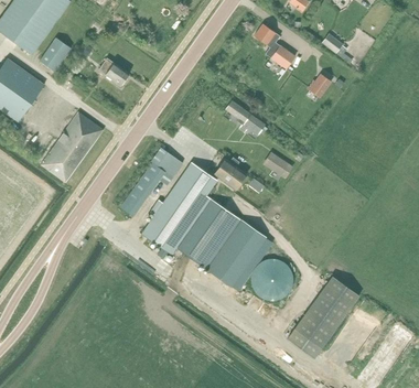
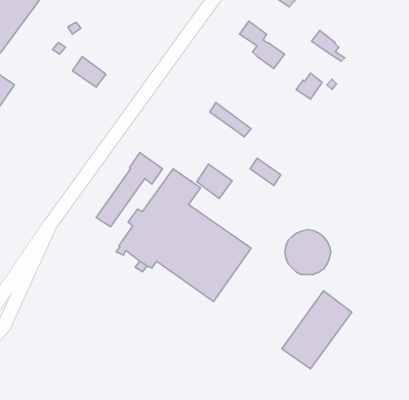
building: [37,36,71,72] -> none
building: [41,111,104,182] -> none
building: [250,258,293,300] -> [285,230,331,275]

